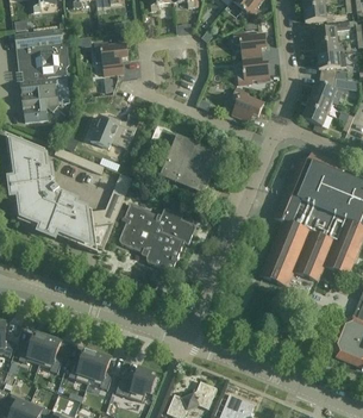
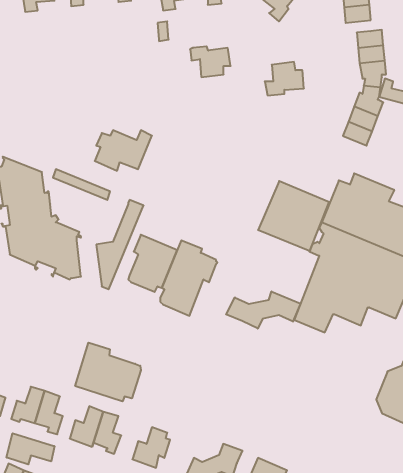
building: [15,29,69,121] -> none
building: [232,31,267,57] -> [190,46,231,77]
building: [93,40,127,75] -> none
building: [231,87,264,120] -> none
building: [159,133,220,193] -> [258,181,329,251]
building: none -> [226,291,301,329]
building: none -> [75,343,141,401]
building: none -> [7,433,54,464]

